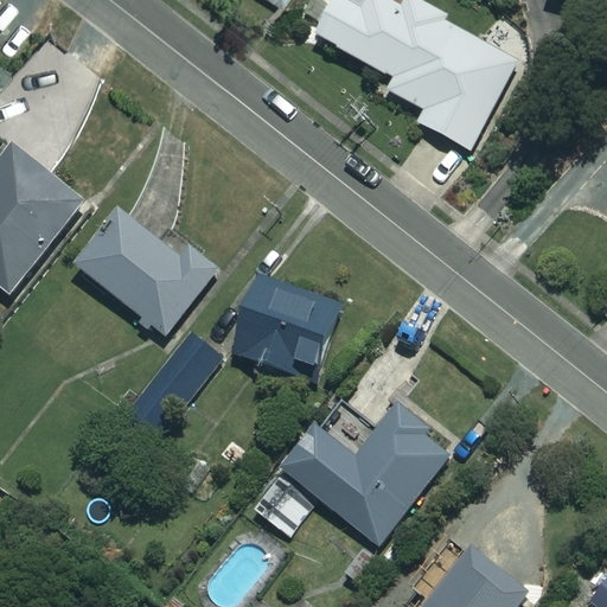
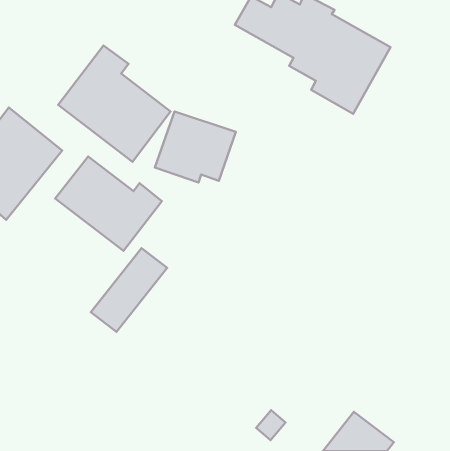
building: none -> [58,46,170,162]
building: [232,276,340,371] -> [155,111,236,183]
building: [249,401,454,543] -> none

